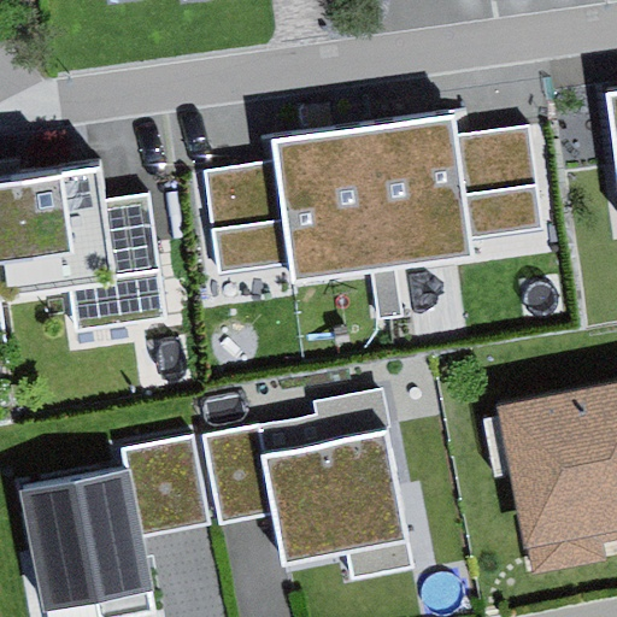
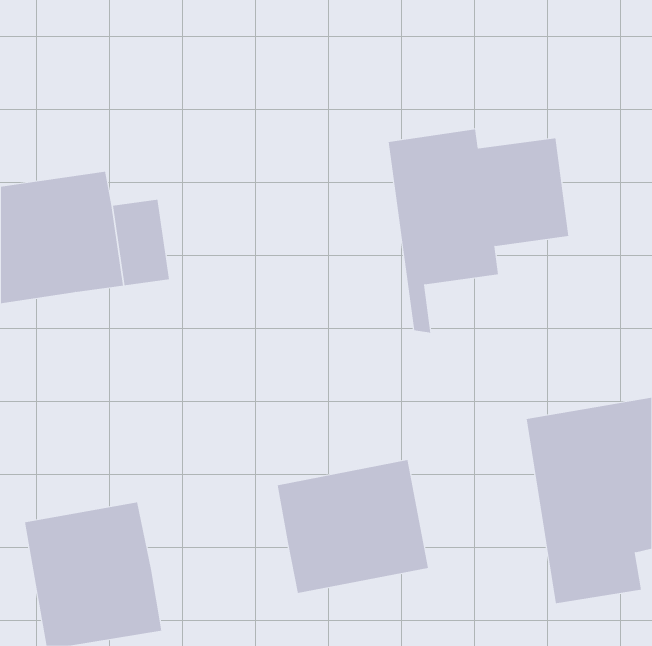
building: [206,134,390,318] -> none
building: [71,264,168,325] -> none
building: [204,424,271,522] -> none
building: [124,433,212,537] -> none

